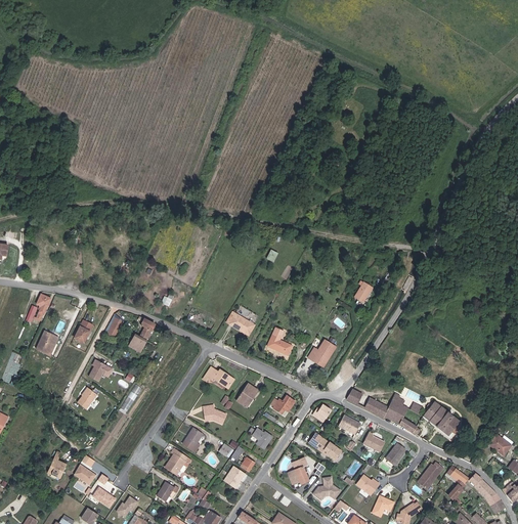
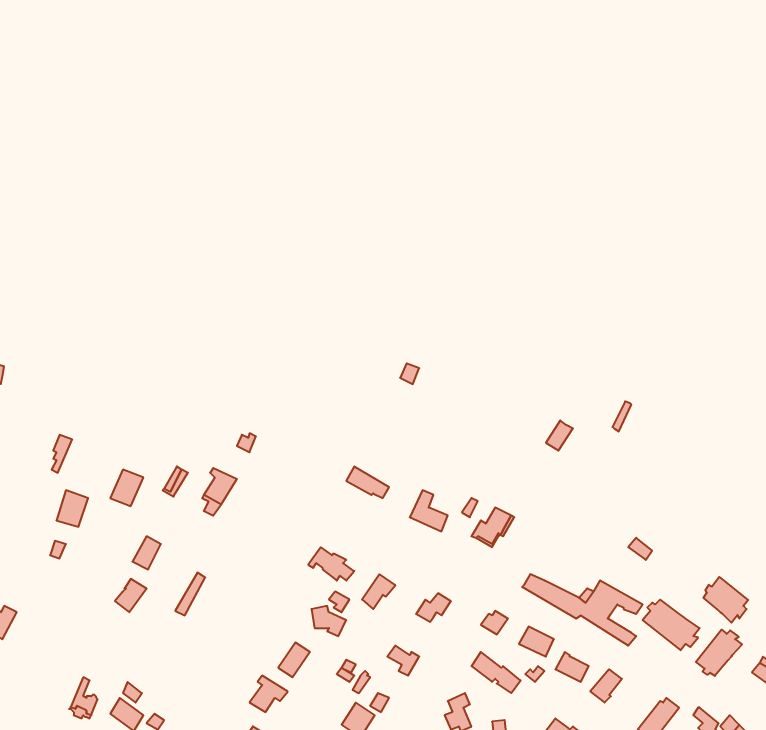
building: none -> [703,577,748,623]
building: none -> [696,630,742,676]

